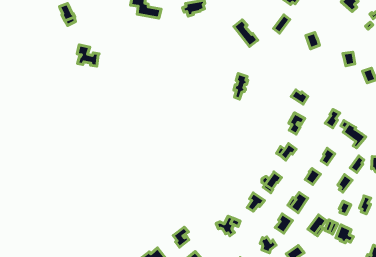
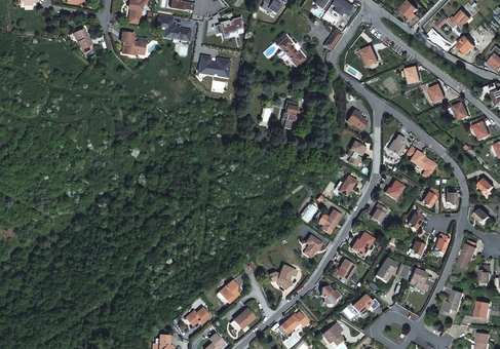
building: none -> [198,55,231,78]
building: [77,45,99,66] -> [120,32,146,55]

